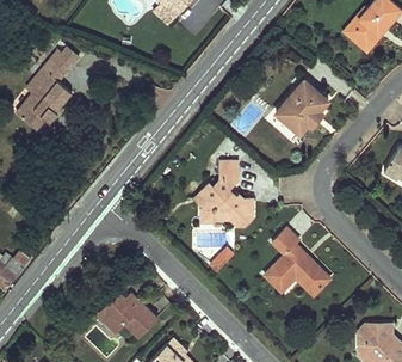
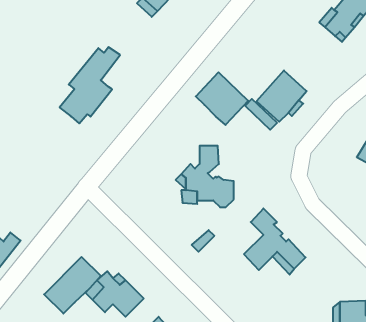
building: [17,49,80,129] -> [60,47,120,123]
building: none -> [196,72,248,125]
building: none -> [44,257,101,314]

